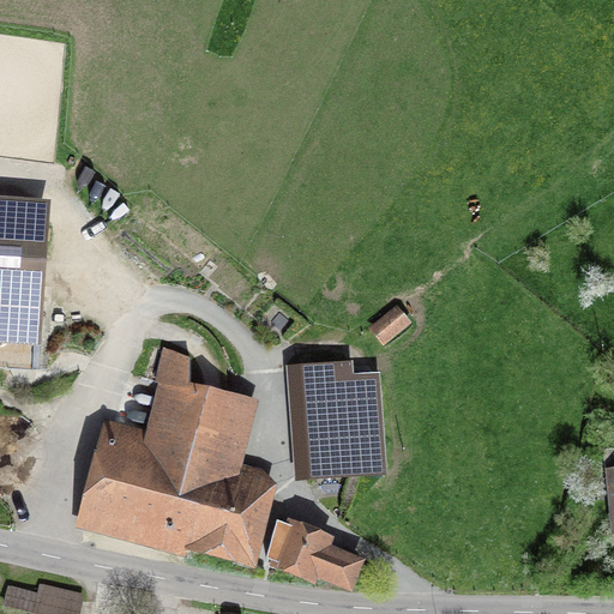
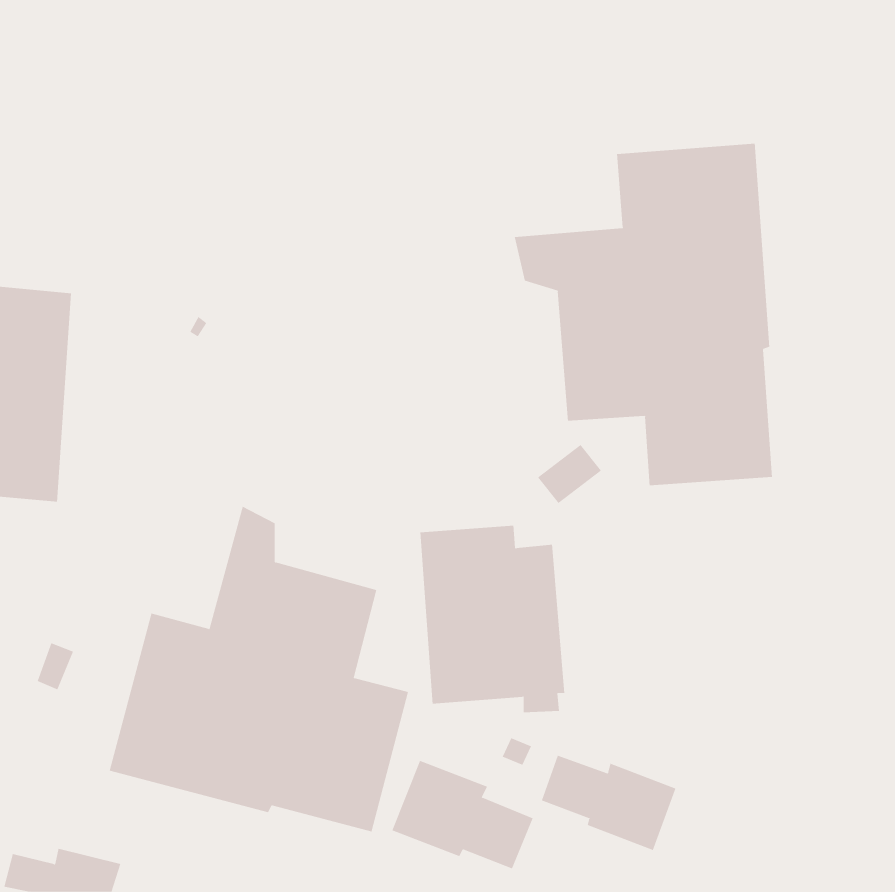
building: none -> [514,143,773,486]
building: none -> [541,755,676,851]

